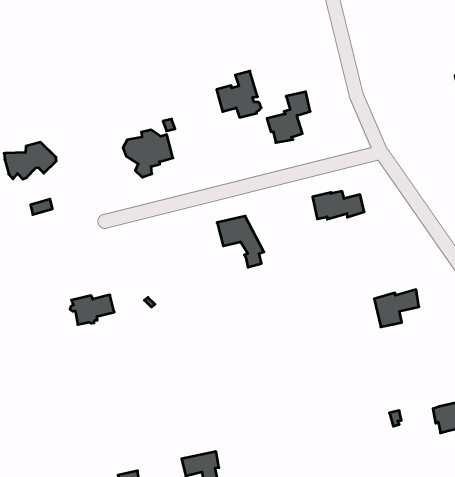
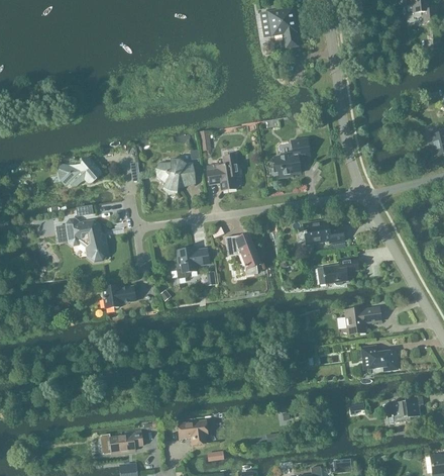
building: [217,71,261,117] -> [206,154,240,190]
building: none -> [67,218,108,261]
building: none -> [317,256,358,285]
building: none -> [177,248,209,278]
building: none -> [361,346,398,370]

